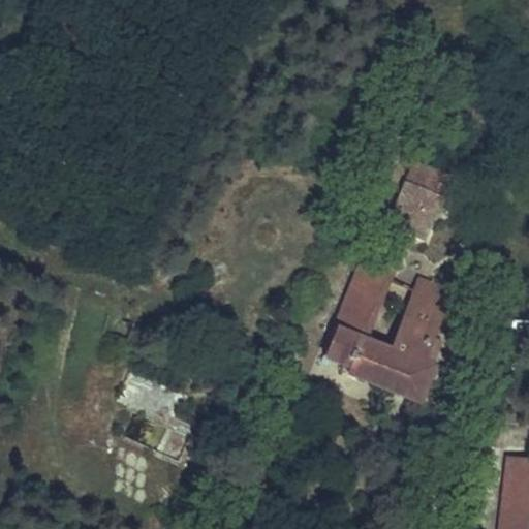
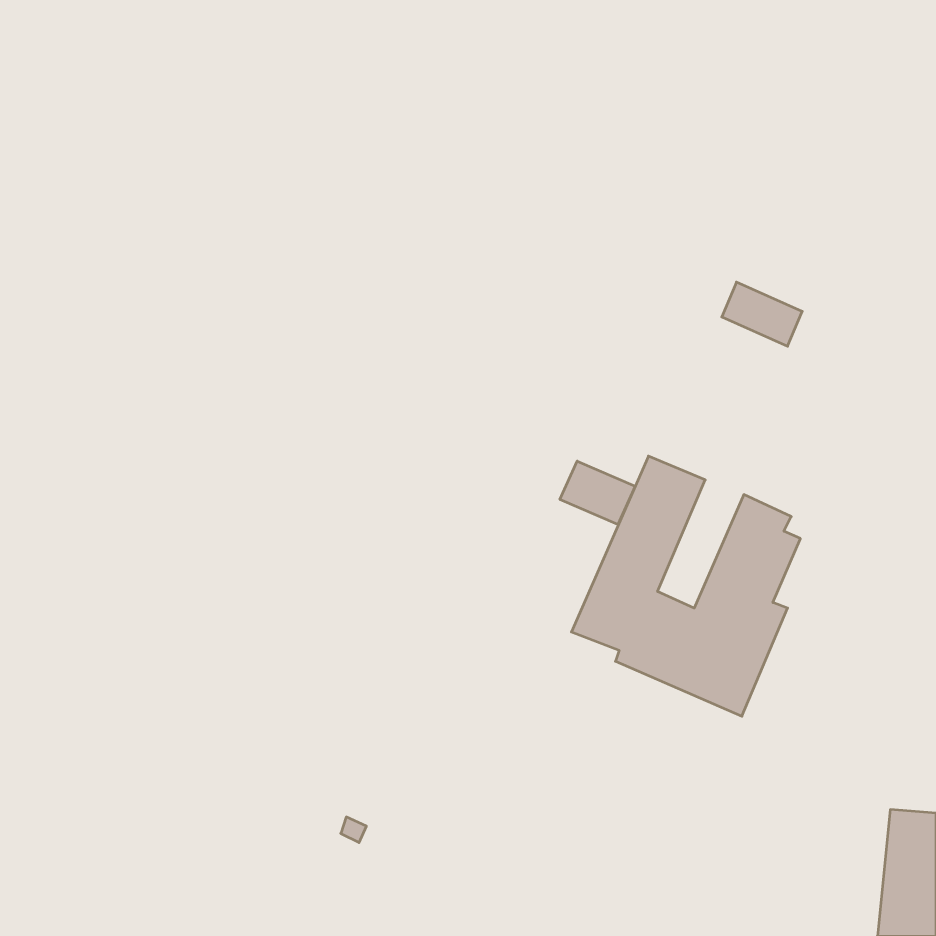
building: [386,179,444,240] -> none
building: none -> [560,461,635,525]

